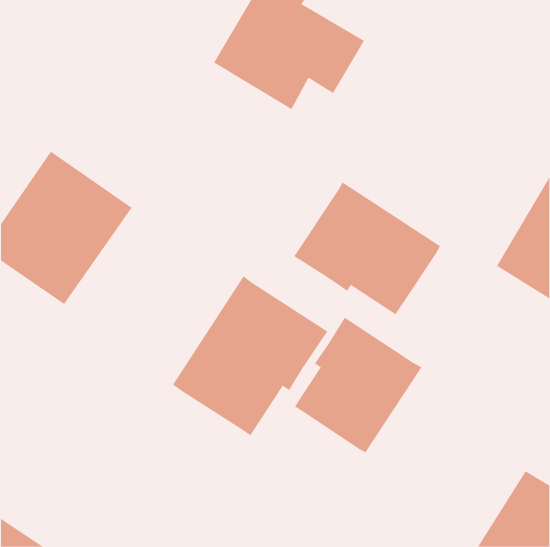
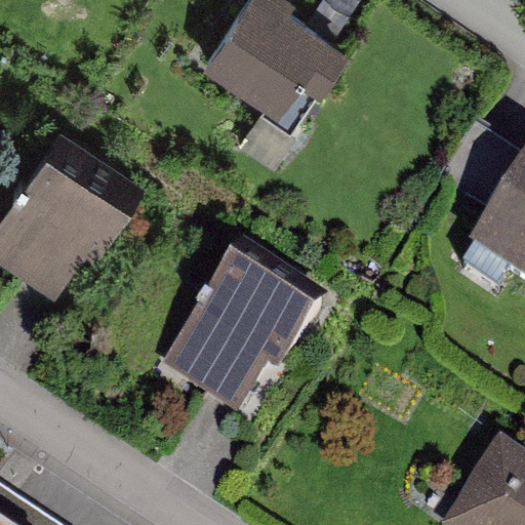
building: [294,182,441,315] -> none
building: [294,317,422,453] -> none

